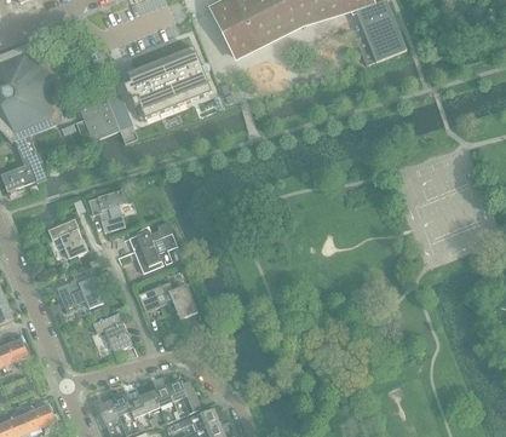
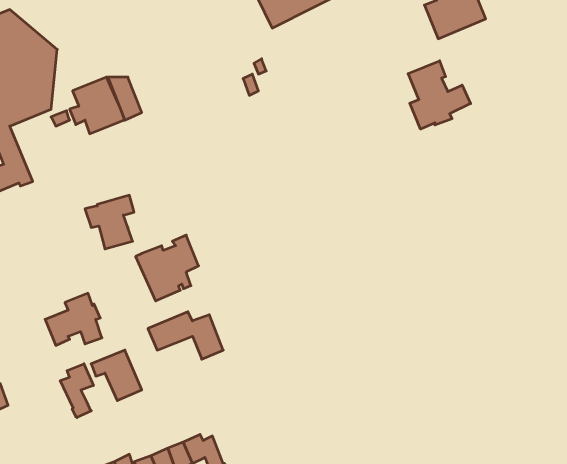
building: [123,46,211,120] -> none
building: none -> [408,61,471,129]
building: [46,218,87,258] -> none
building: none -> [60,364,93,418]

